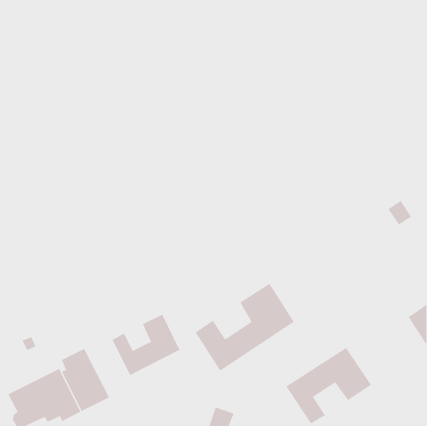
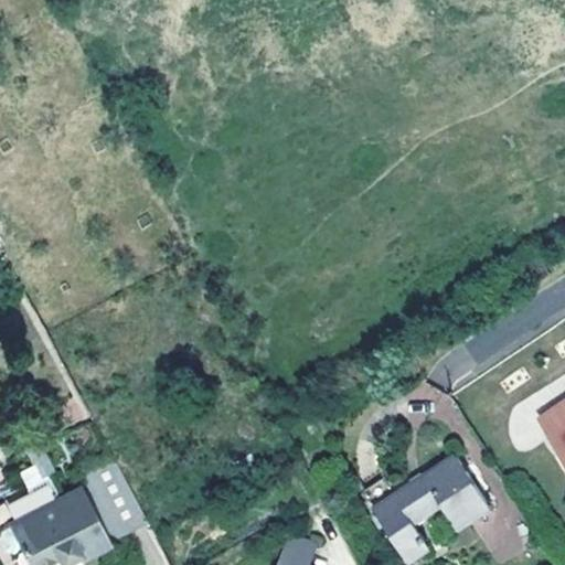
building: [195,283,295,372] -> none
building: [112,314,180,376] -> none

